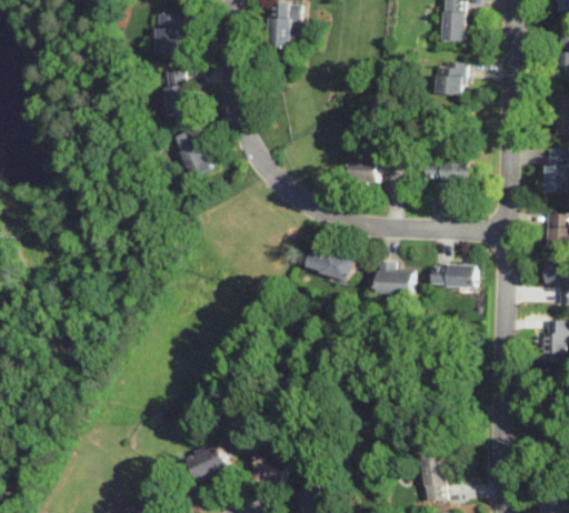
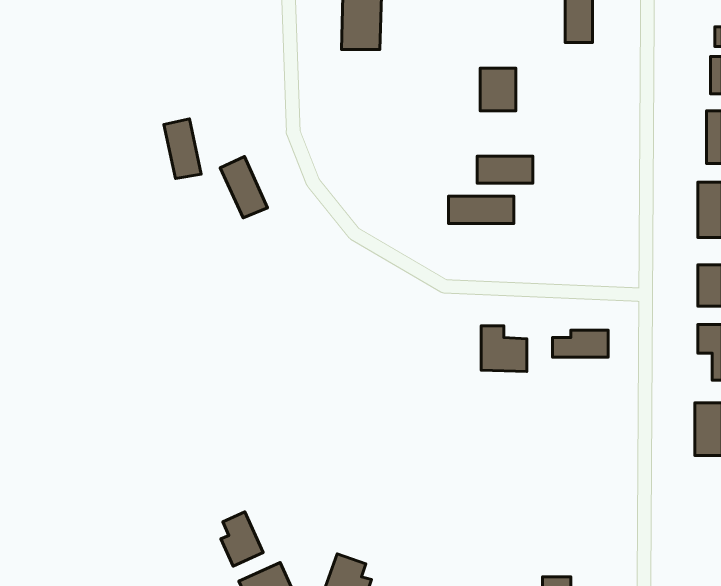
building: [156,13,181,54] -> none
building: [436,62,463,95] -> [480,68,516,111]
building: [161,69,190,115] -> [164,119,201,179]
building: [427,160,470,181] -> [477,156,533,183]
building: [306,247,355,280] -> none
building: none -> [221,512,263,566]

